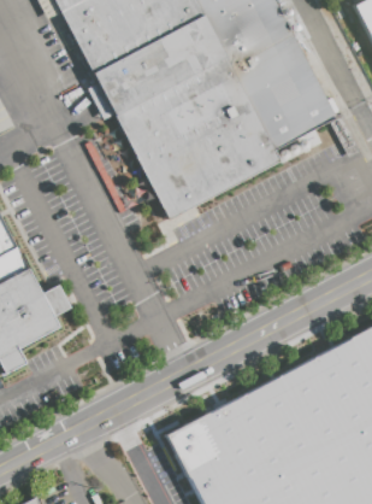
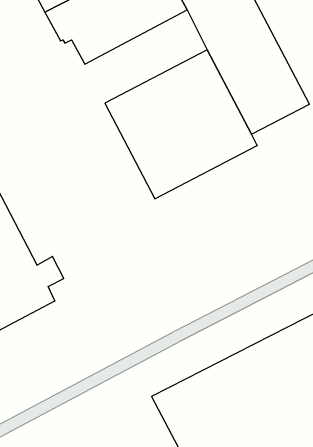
building: [88,14,225,119] -> none

